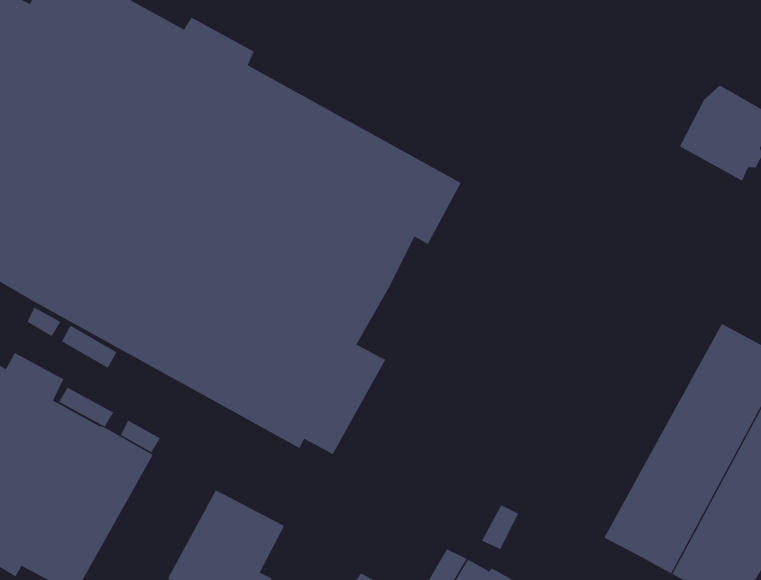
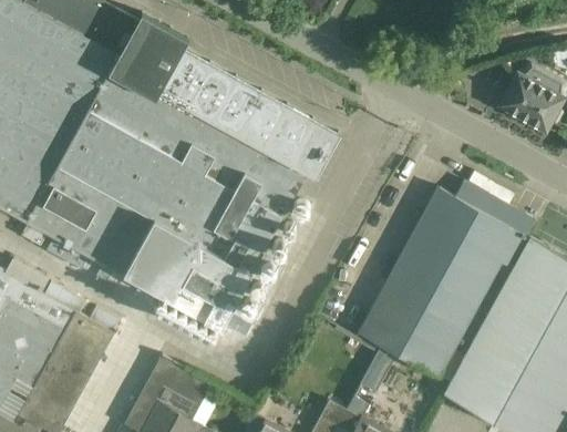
building: none -> [355,183,534,380]

